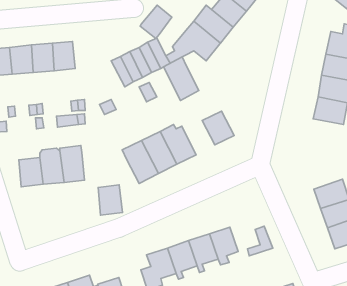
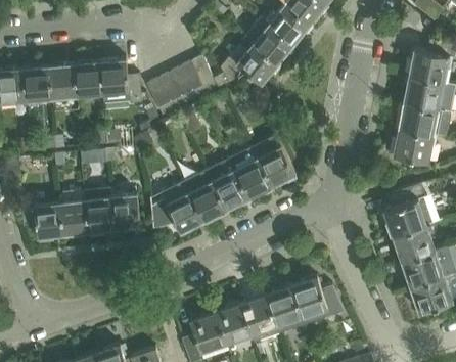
building: [140,5,172,39] -> none
building: none -> [100,58,142,103]
building: [164,57,199,101] -> [230,145,273,198]
building: none -> [383,184,428,240]
building: [98,185,122,215] -> [111,192,141,229]
building: none -> [291,277,328,324]

